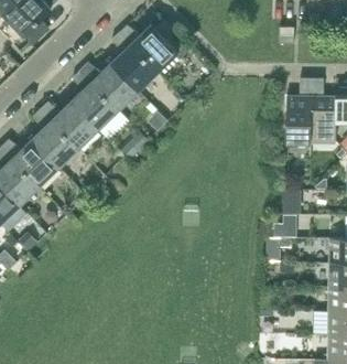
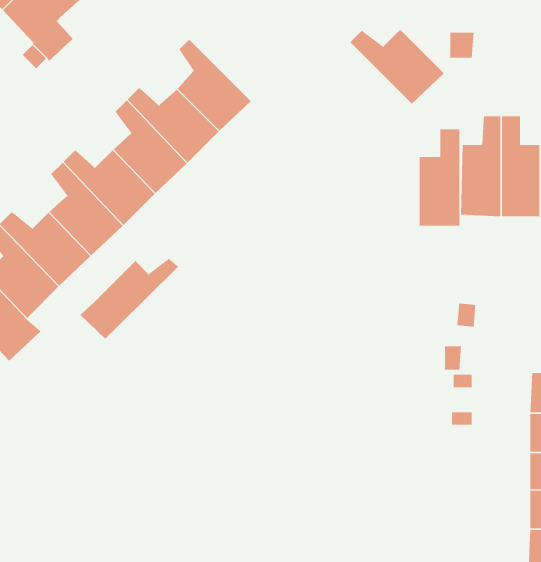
building: [118,24,177,72] -> [349,28,446,105]
building: none -> [419,129,460,226]
building: none -> [79,258,179,339]

